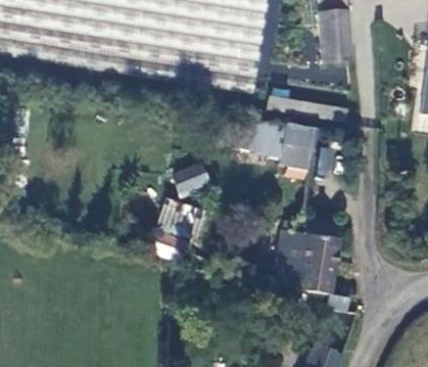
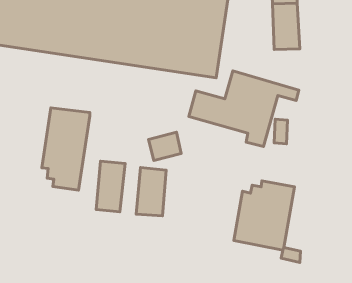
building: none -> [42,108,90,190]
building: none -> [96,161,125,212]

